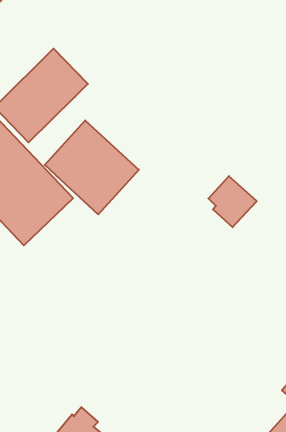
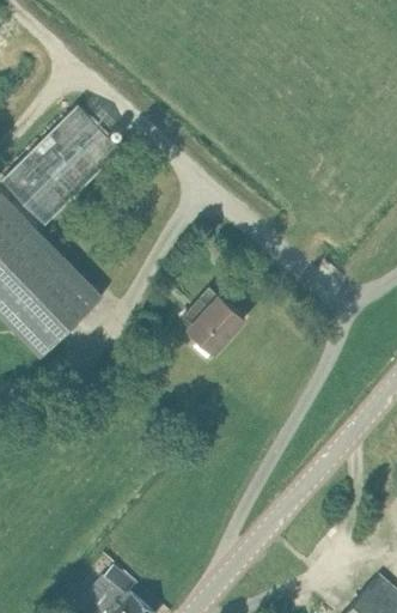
building: [45,120,139,214] -> none
building: [208,176,257,227] -> [183,287,245,353]

